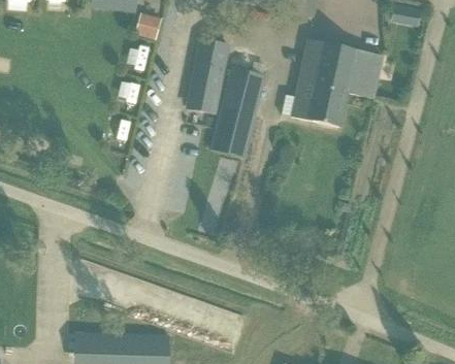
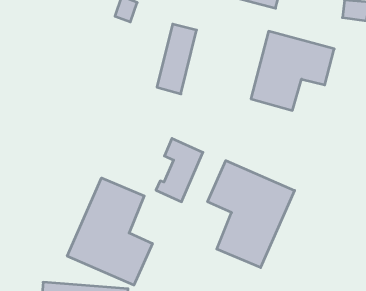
building: [210,68,265,158] -> none
building: none -> [208,161,295,268]
building: none -> [67,178,152,285]

